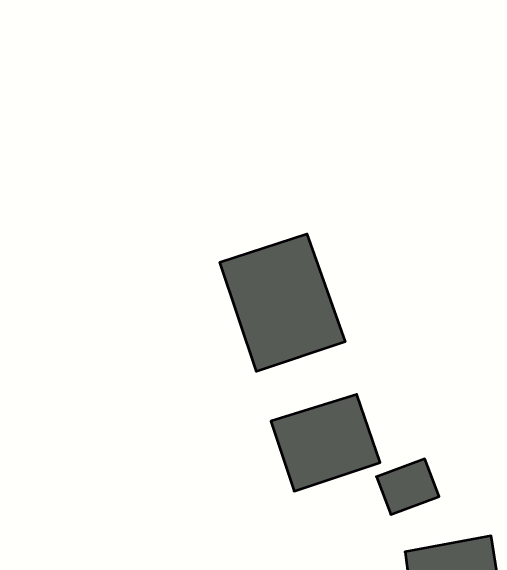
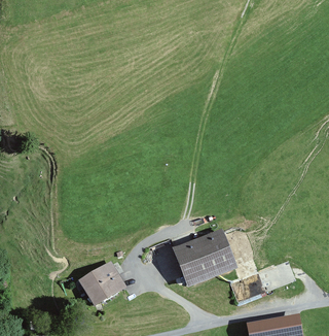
building: [220,234,345,371] -> none
building: none -> [78,261,127,306]

